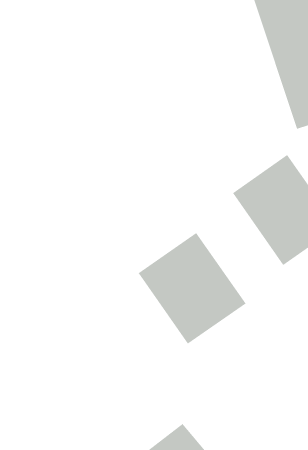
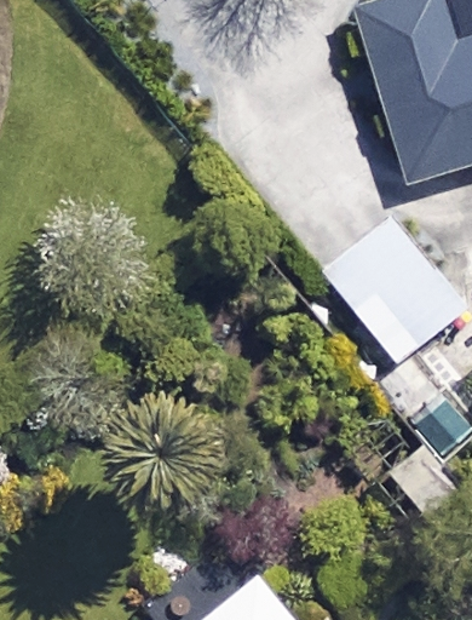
building: [138,232,246,344] -> none

